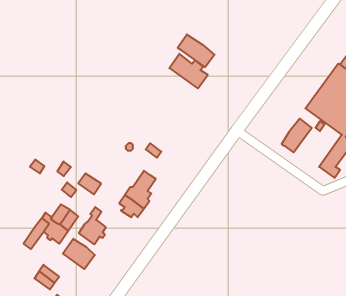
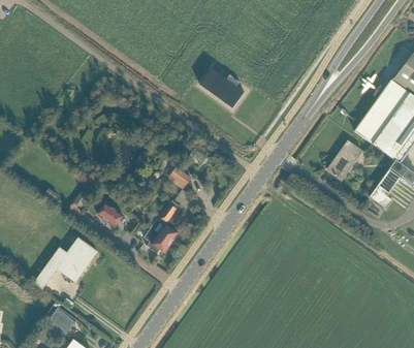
building: [178,34,215,67] -> none
building: [79,207,106,244] -> none
building: [63,239,95,269] -> none

